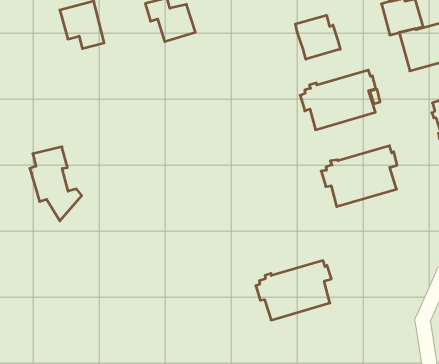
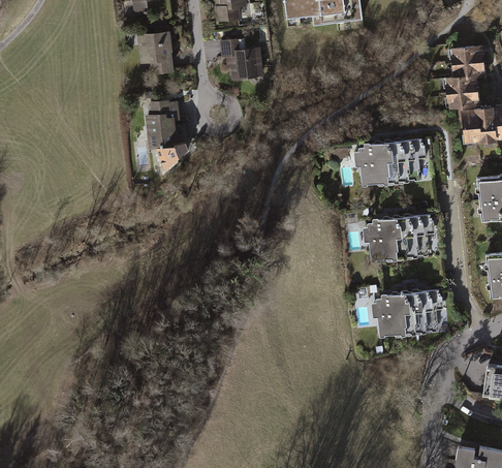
building: [295,15,340,59] -> none
building: [30,147,82,221] -> [145,98,190,168]
building: [256,261,331,320] -> [370,289,443,338]

